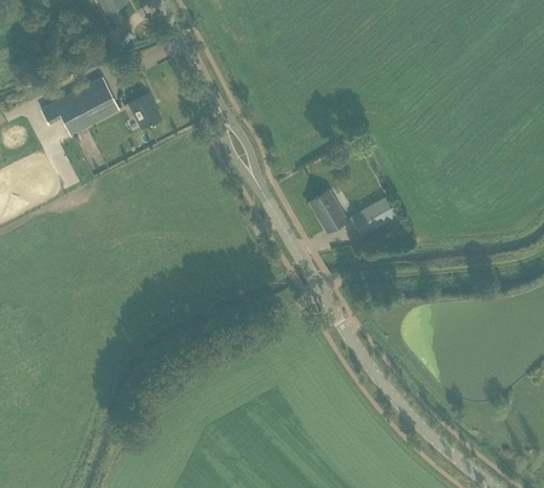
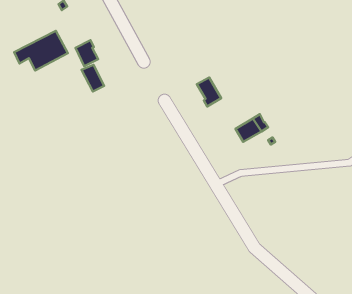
building: none -> [82,65,104,92]
building: [313,190,347,231] -> [197,77,221,107]

